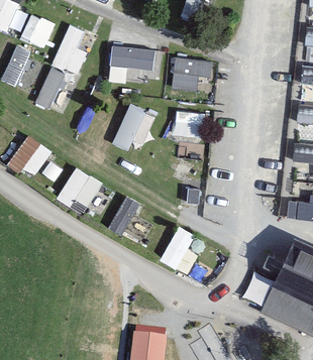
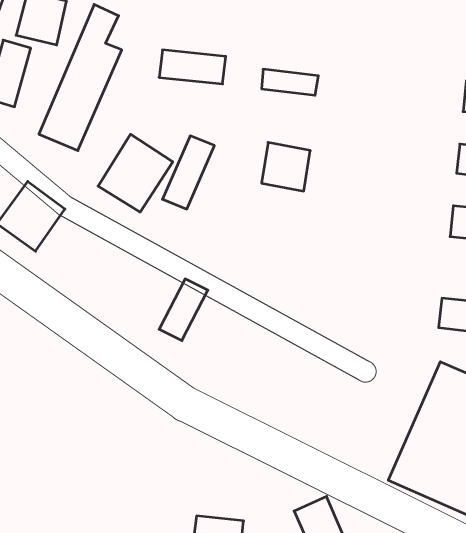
building: [58,160,104,209] -> [98,134,173,212]
building: [162,220,200,266] -> none

